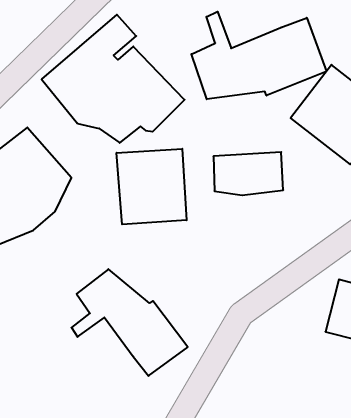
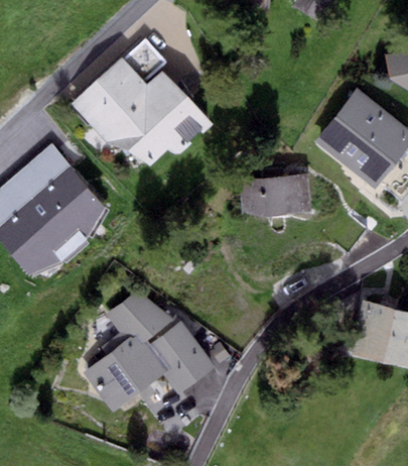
building: [191,12,326,99] -> none
building: [117,149,187,224] -> none
building: none -> [83,337,161,412]

